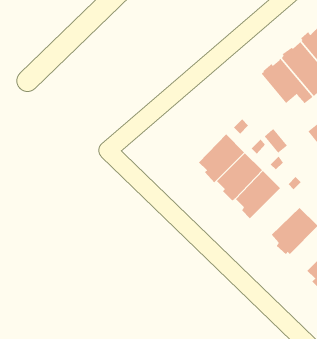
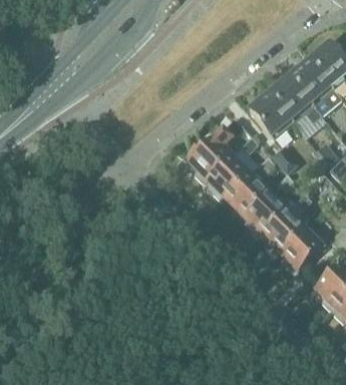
building: none -> [249,91,294,138]
building: none -> [186,118,242,182]
building: none -> [260,207,308,256]

